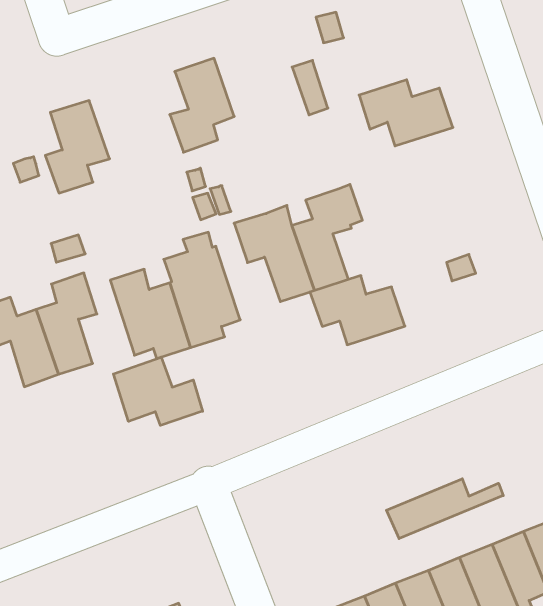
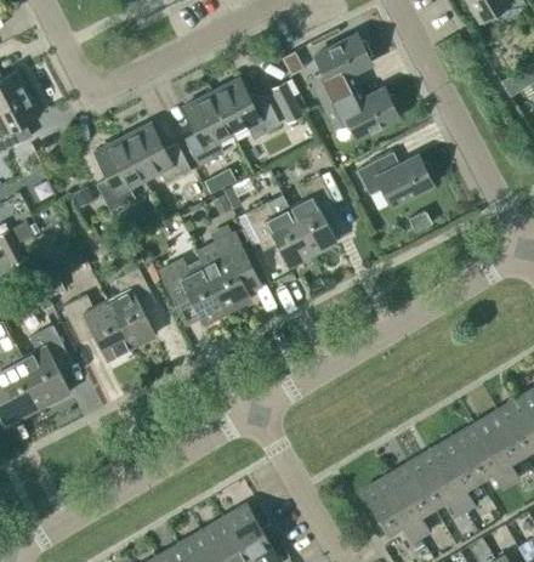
building: none -> [309,35,370,103]
building: none -> [210,79,278,138]
building: none -> [121,124,189,183]
building: [310,276,405,345] -> [356,152,431,205]
building: [113,357,203,425] -> none
building: [386,479,503,539] -> none

